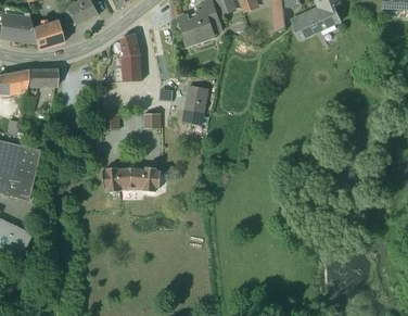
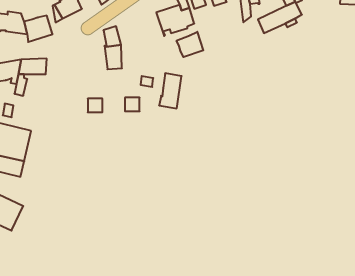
building: none -> [177,32,203,57]
building: [102,165,164,192] -> none

